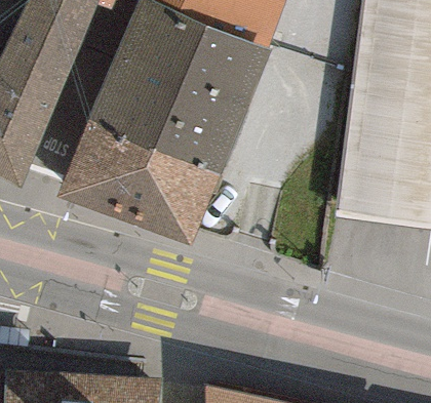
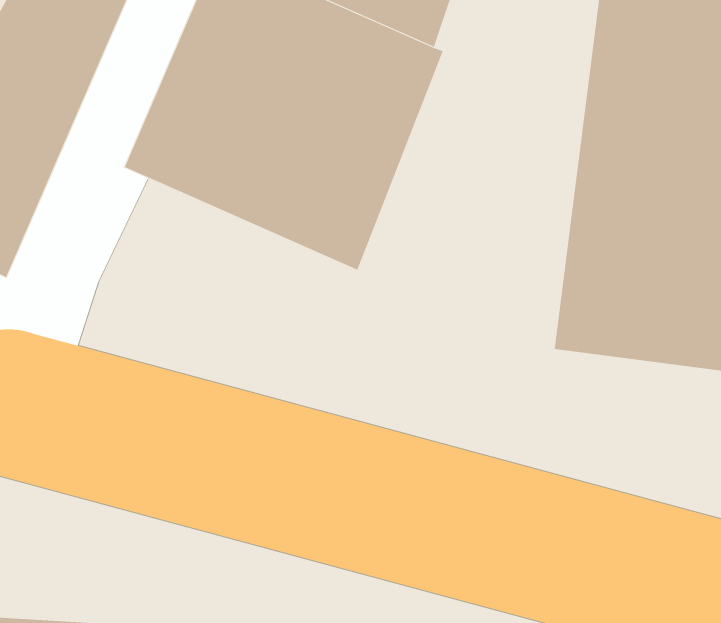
building: [55,118,221,246] -> none

